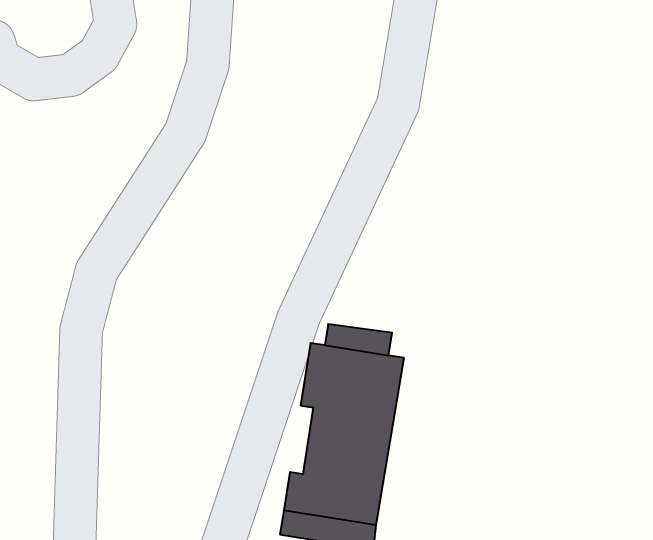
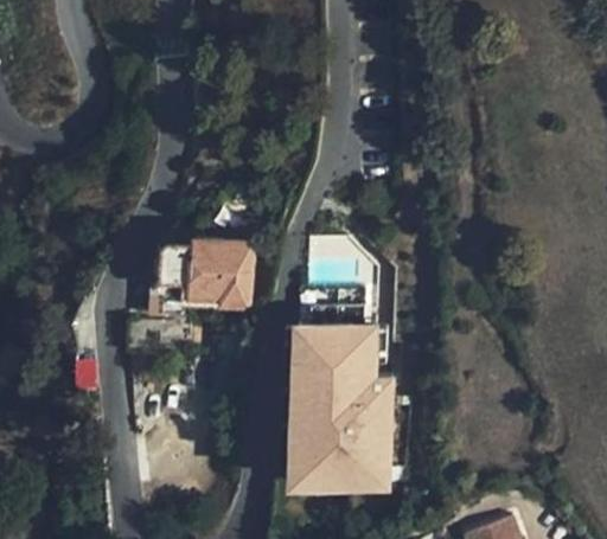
building: none -> [160,231,257,319]
building: none -> [288,383,312,438]

